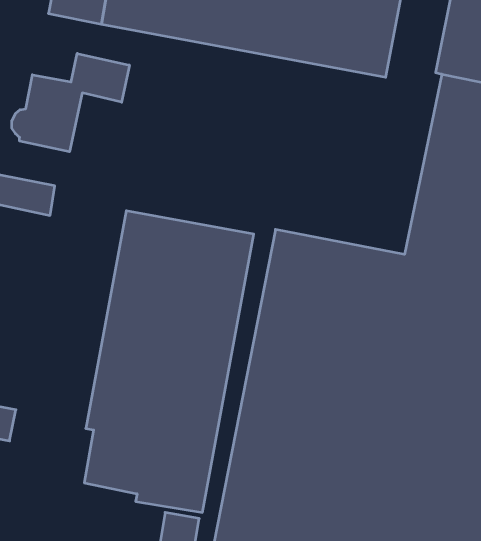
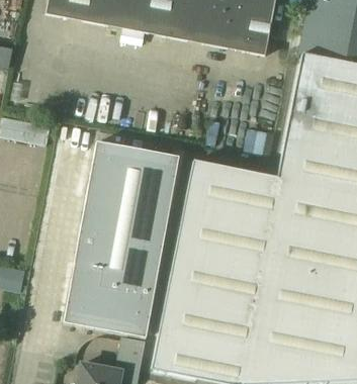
building: [12,53,129,152] -> none

